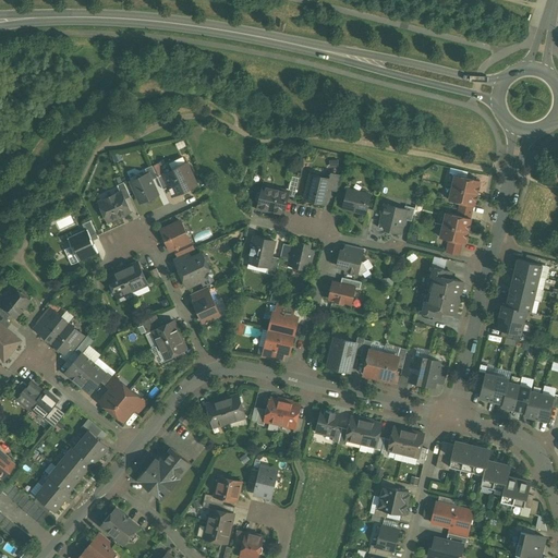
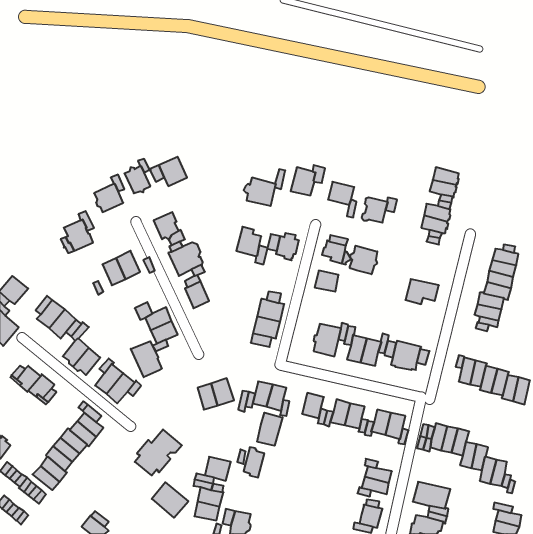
building: none -> [350,246,377,274]
building: [428,268,462,298] -> none
building: none -> [131,341,162,377]
building: none -> [257,413,283,446]
building: [100,507,138,544] -> [152,482,188,518]

